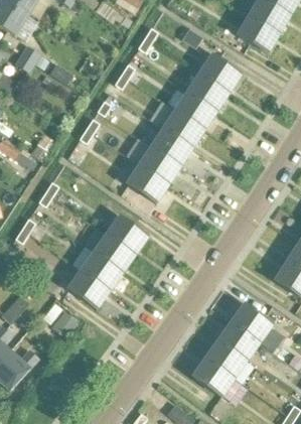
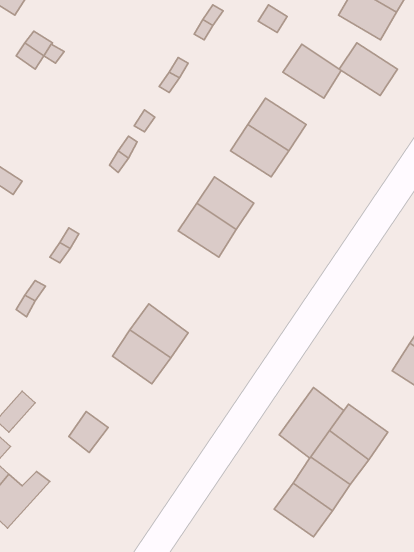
building: [187,74,228,110] -> [339,43,398,95]
building: [152,128,191,164] -> none
building: [107,216,147,254] -> none
building: [60,264,109,307] -> none
building: none -> [279,387,344,458]

